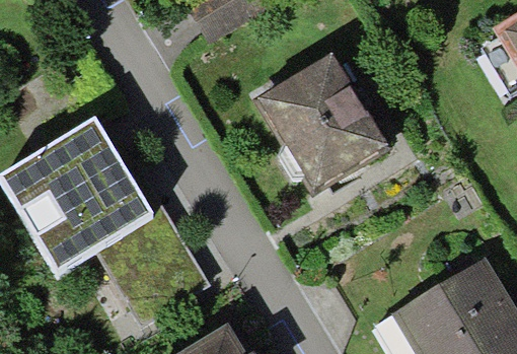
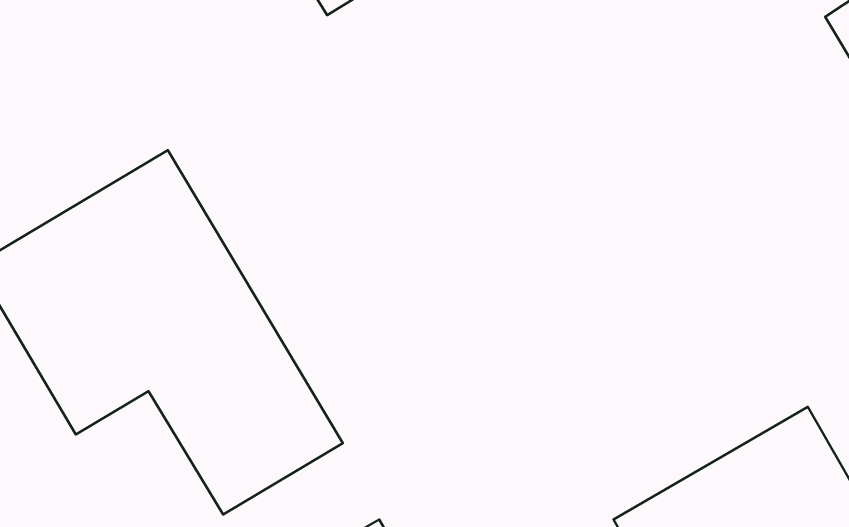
building: [255,57,385,194] -> none

